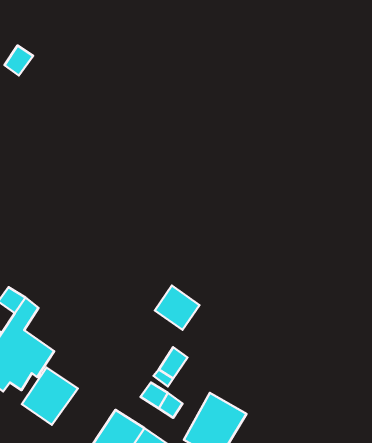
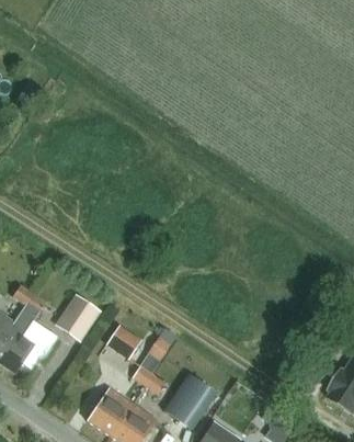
building: [155,286,199,330] -> [103,324,140,361]
building: [22,368,78,425] -> [53,295,100,343]

